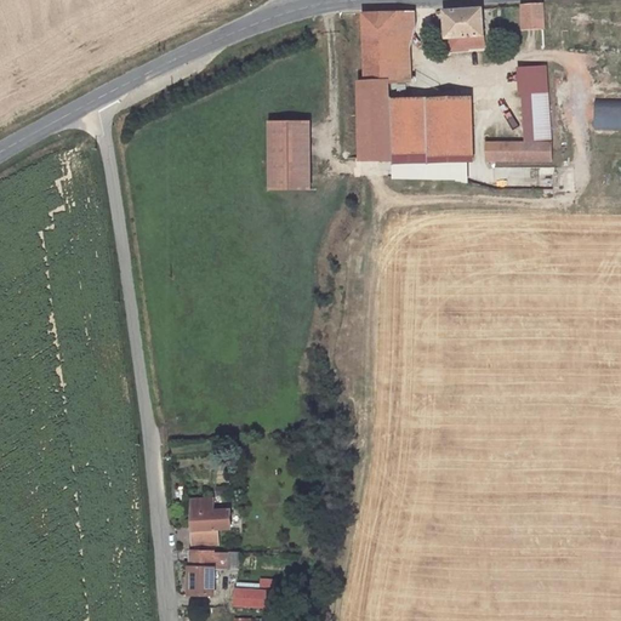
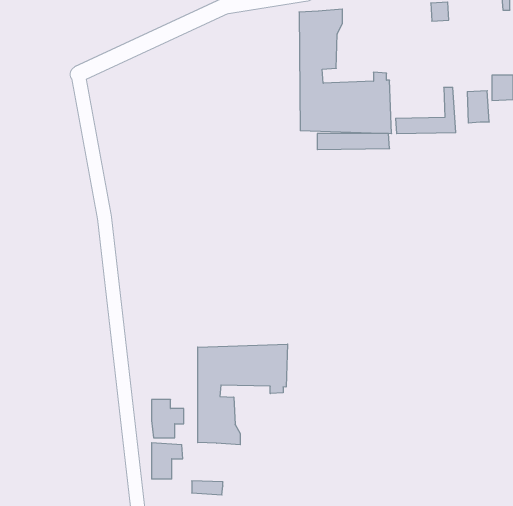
building: [444,6,482,46] -> none
building: [520,68,547,107] -> [467,91,489,123]
building: [269,126,312,194] -> none
building: none -> [198,344,288,445]

